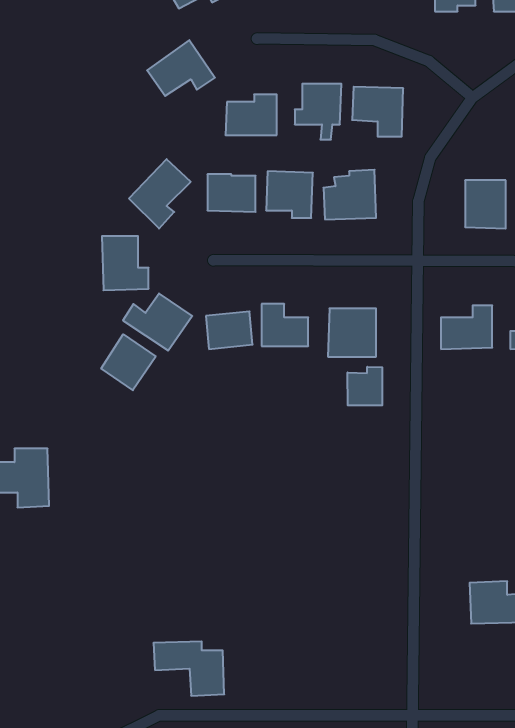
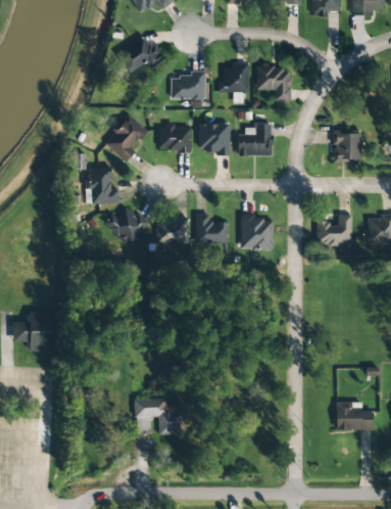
building: [101,334,156,390] -> none
building: [348,367,382,405] -> none
building: [153,641,224,696] -> [134,398,182,434]

